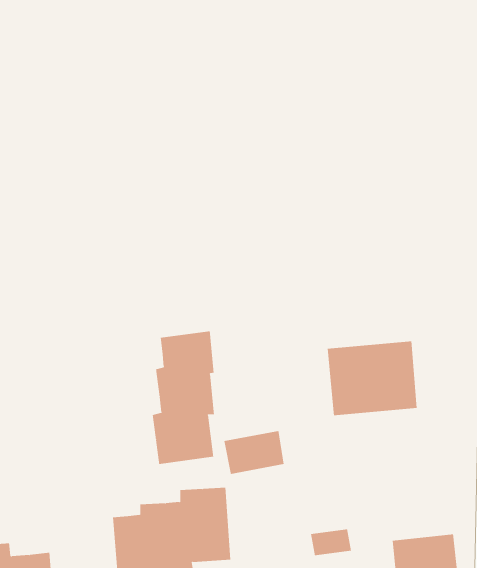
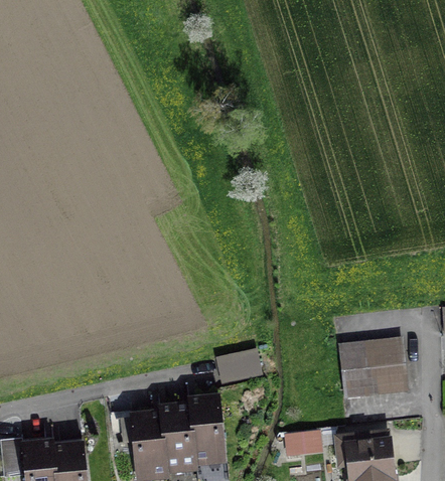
building: [152,331,214,465] -> none
building: [327,341,417,416] -> [337,341,408,399]

